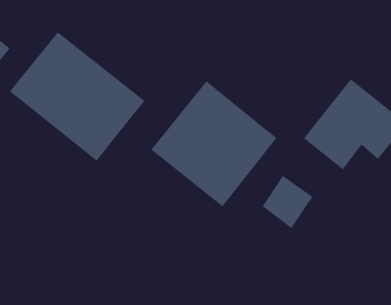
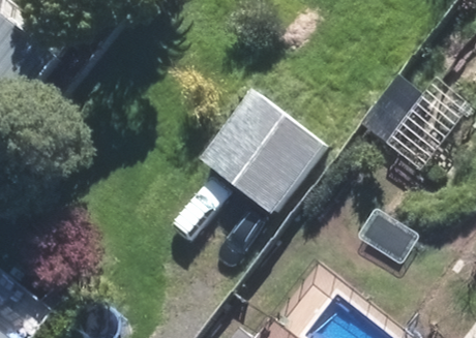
building: [9,32,145,162] -> none

